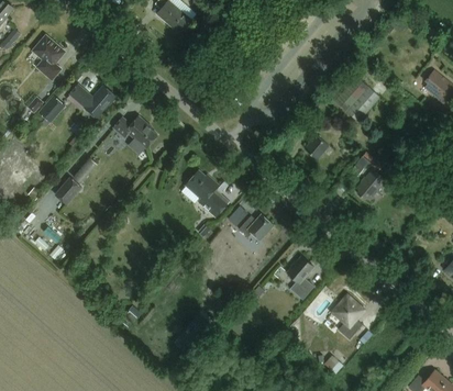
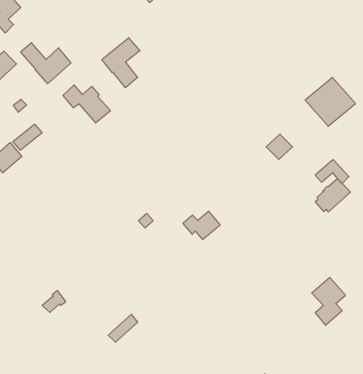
building: none -> [102,38,140,88]
building: [185,170,229,217] -> none
building: [286,256,313,300] -> none
building: [332,295,363,339] -> [312,277,345,325]

